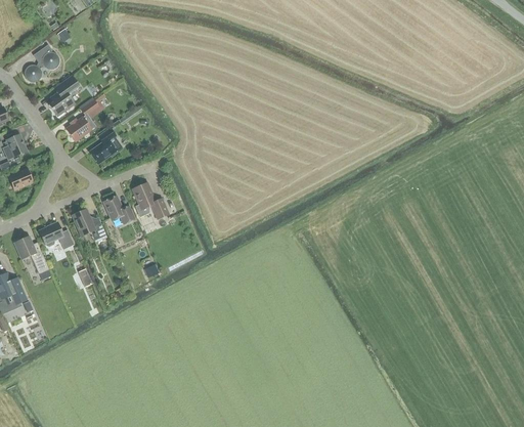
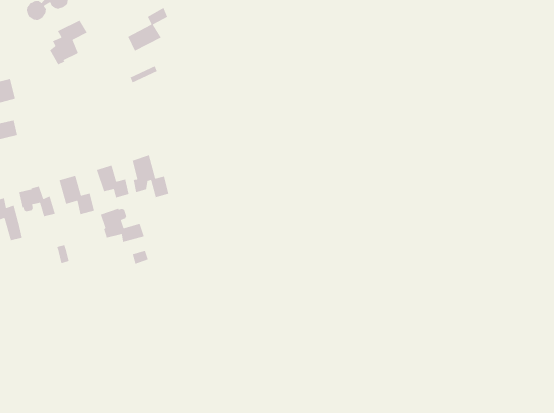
building: [66,99,98,141] -> [127,7,168,52]
building: [89,128,122,164] -> none
building: none -> [100,208,145,243]

